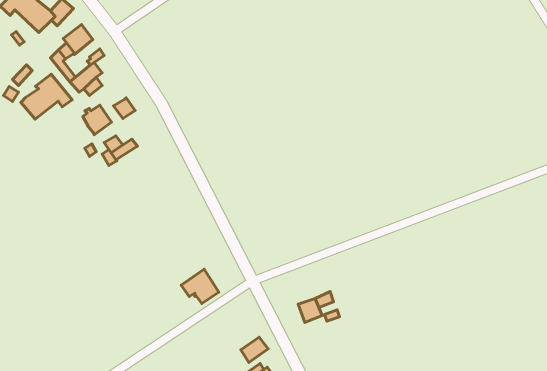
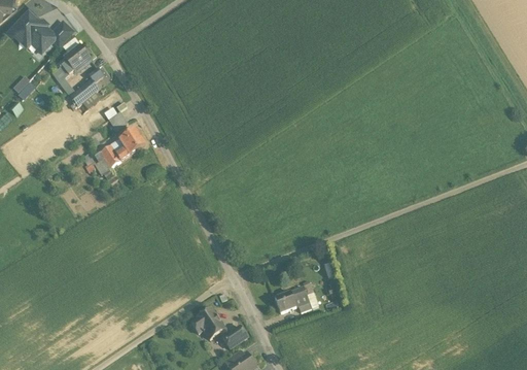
building: [21,74,72,119] -> none
building: [83,105,111,135] -> [120,128,146,155]
building: [181,269,219,303] -> [191,307,225,338]

